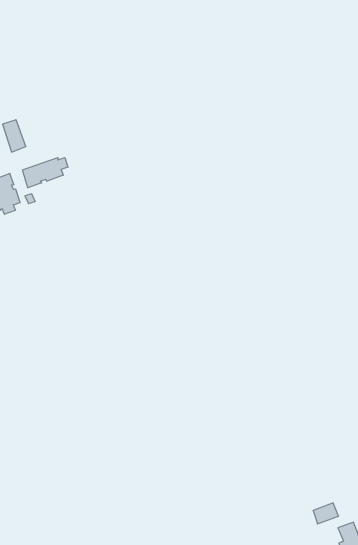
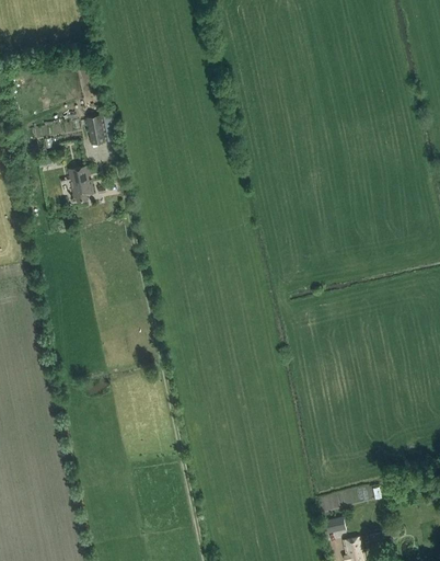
building: [22,158,68,188] -> none

